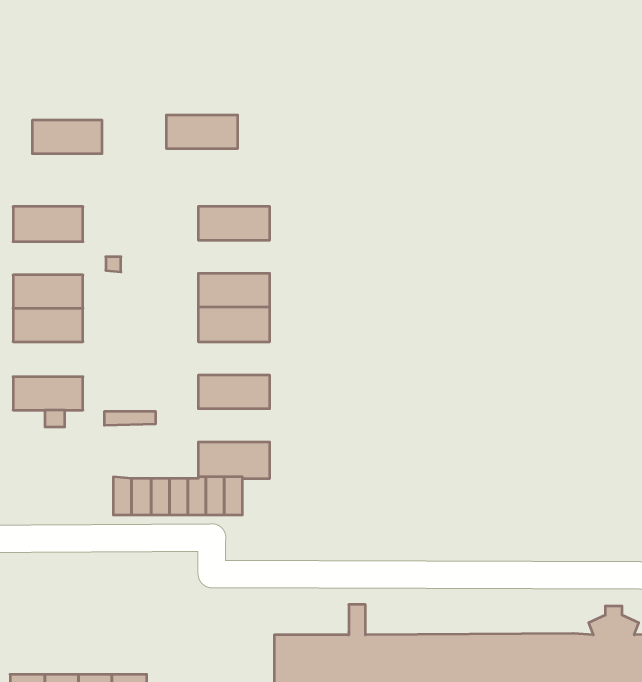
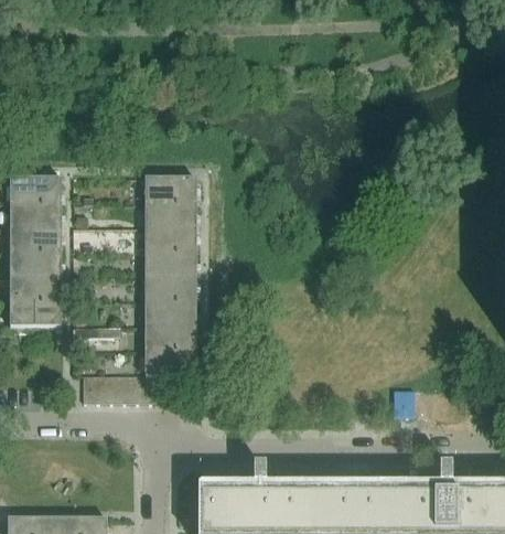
building: [166,115,238,148] -> [146,202,197,226]
building: [32,120,102,154] -> [11,203,62,227]
building: none -> [11,276,62,301]
building: none -> [146,276,197,300]
building: none -> [146,324,197,349]

